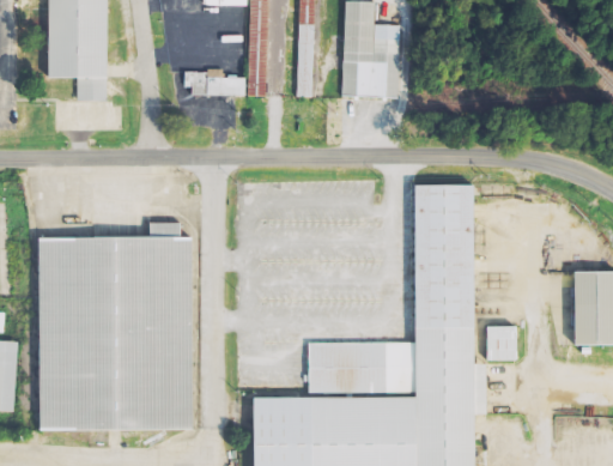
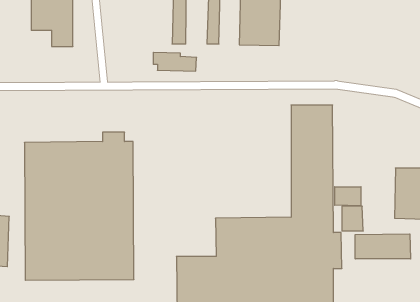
building: [186,71,247,97] -> [153,52,197,71]
building: none -> [335,187,361,206]
building: none -> [355,234,411,259]

